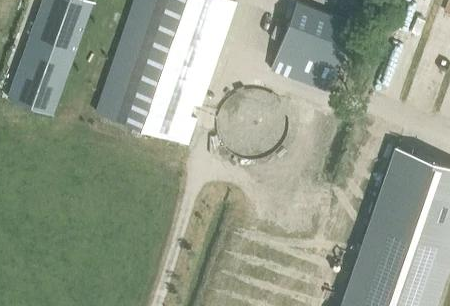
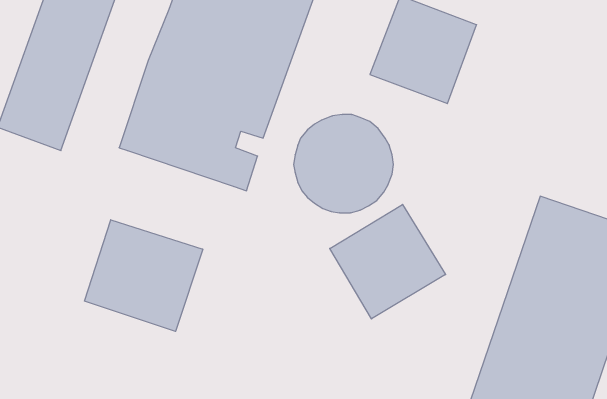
building: none -> [330,204,446,319]
building: none -> [85,220,203,331]

